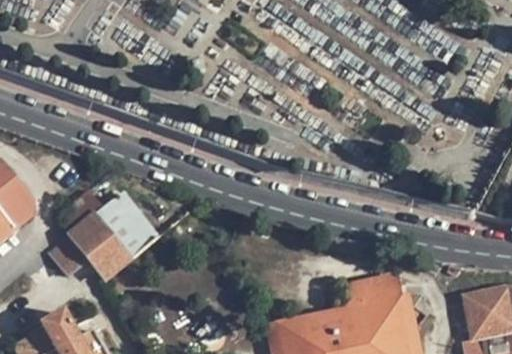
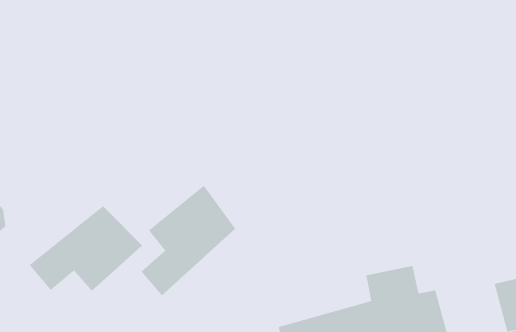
building: none -> [141,185,236,296]

